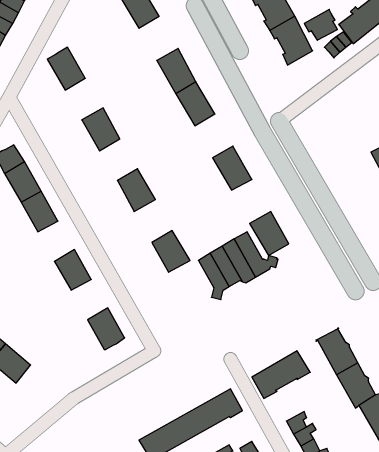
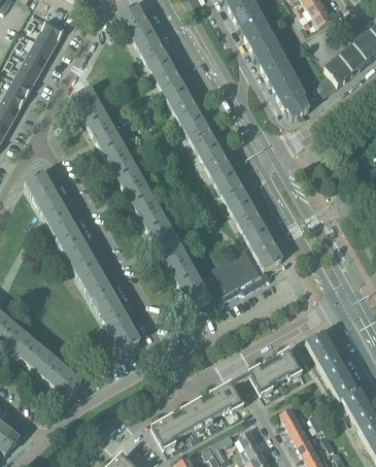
building: [304,9,337,40] -> [281,91,310,118]
building: none -> [152,61,186,99]
building: none -> [89,114,122,151]
building: none -> [201,145,234,184]
building: none -> [118,167,151,203]
building: none -> [233,202,267,240]
building: none -> [148,220,181,257]
building: none -> [65,238,97,273]
building: none -> [178,272,212,309]
building: none -> [94,289,126,324]
building: none -> [46,363,81,397]

